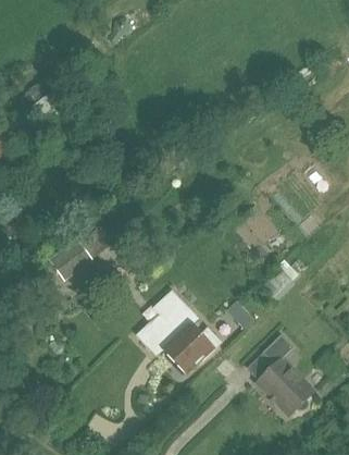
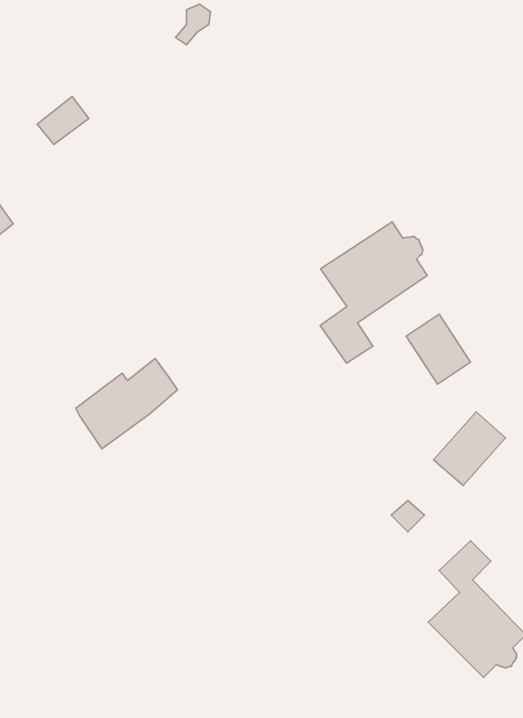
building: none -> [320,222,427,363]
building: [136,292,220,374] -> none

